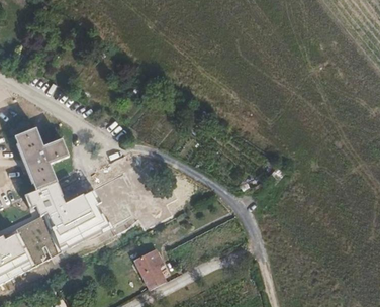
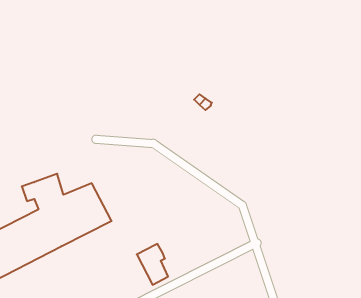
building: [13,126,69,189] -> none

